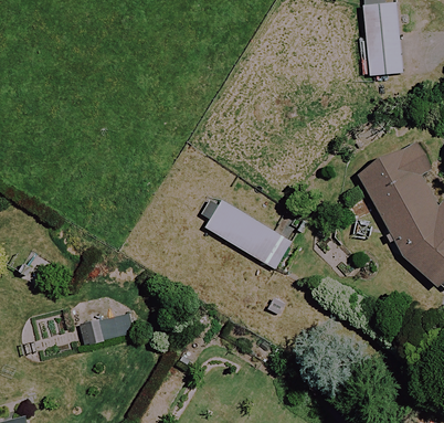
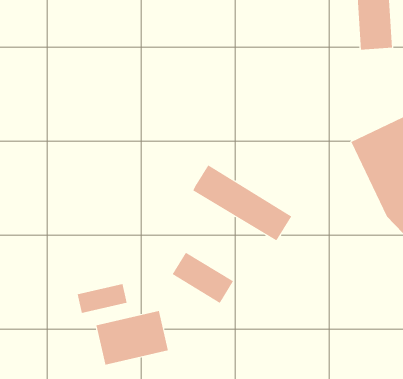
building: none -> [172,252,234,304]
building: none -> [96,310,168,366]

